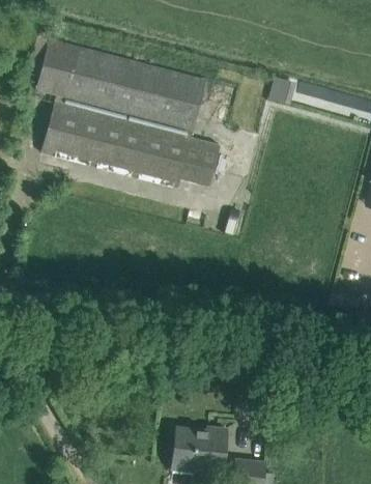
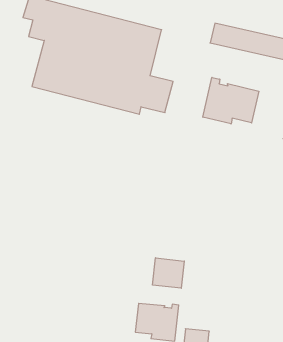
building: none -> [203,77,259,124]
building: none -> [153,258,184,288]

